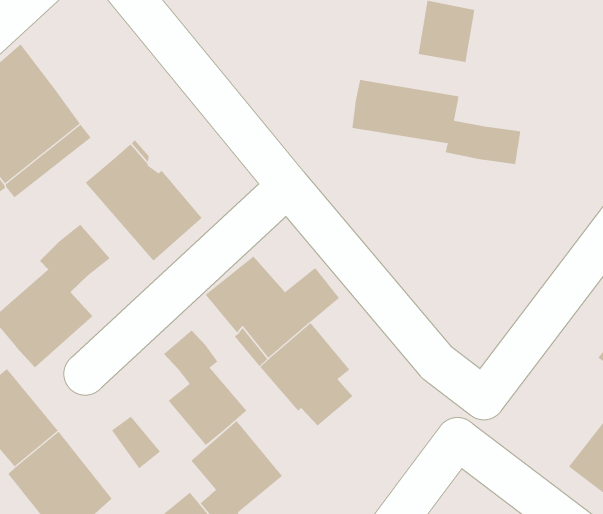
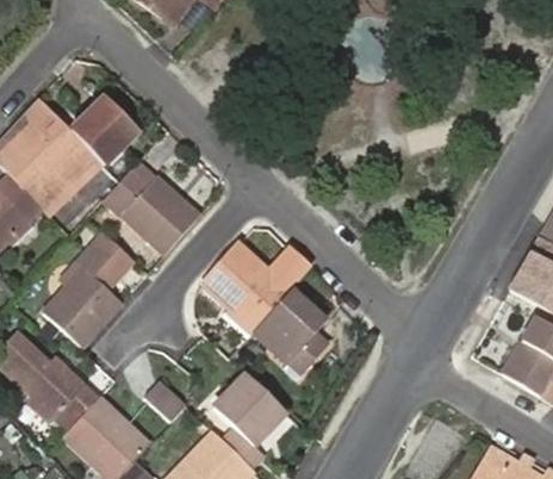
building: none -> [72,99,137,166]
building: [352,79,521,165] -> none
building: [163,330,247,446] -> none

